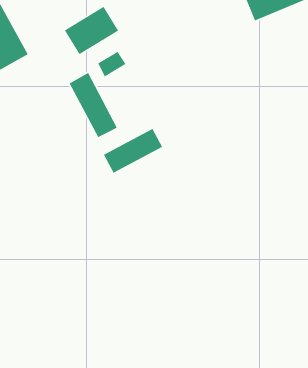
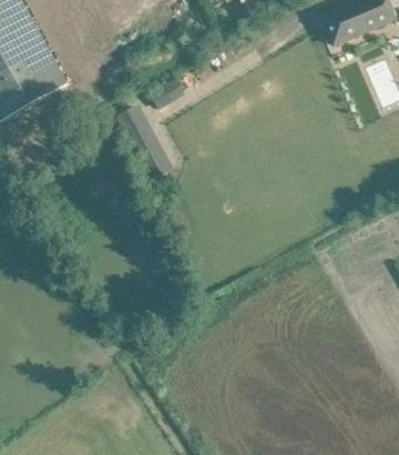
building: [64,6,119,55] -> none
building: [103,128,163,174] -> none

